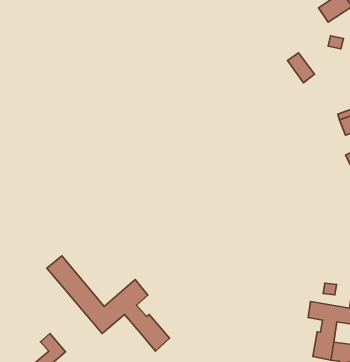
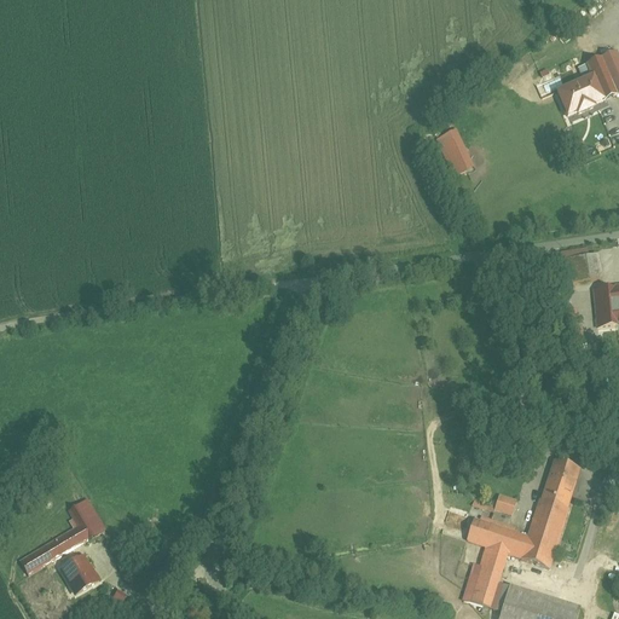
building: [288,53,315,83] -> [436,127,473,172]
building: [47,256,169,351] -> none

